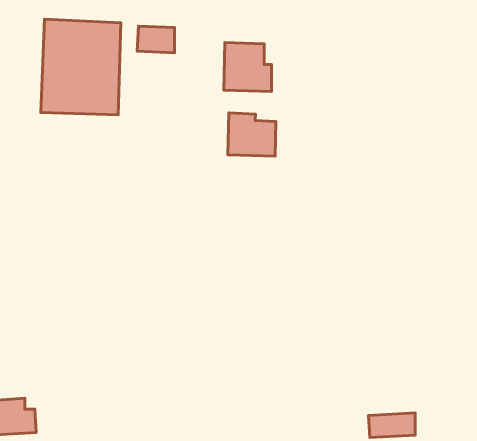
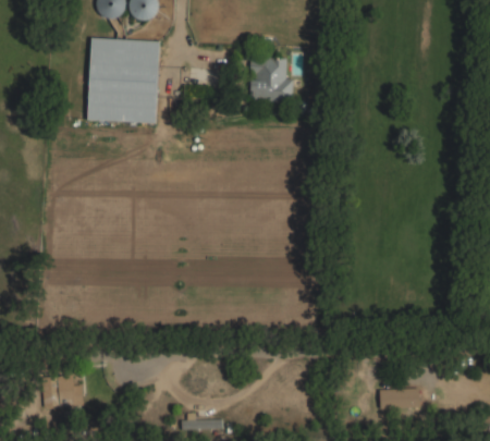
building: [137,26,175,53] -> none
building: [228,113,276,156] -> none

